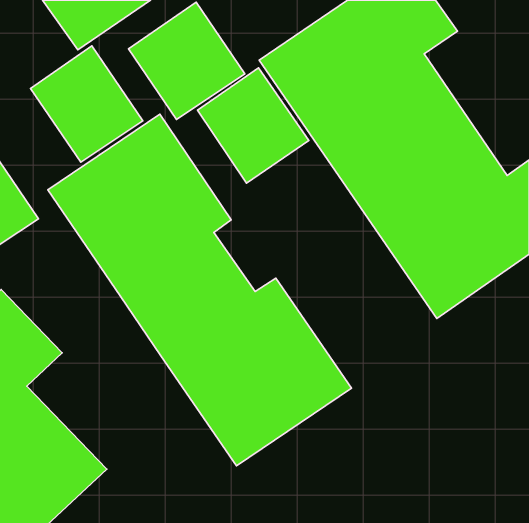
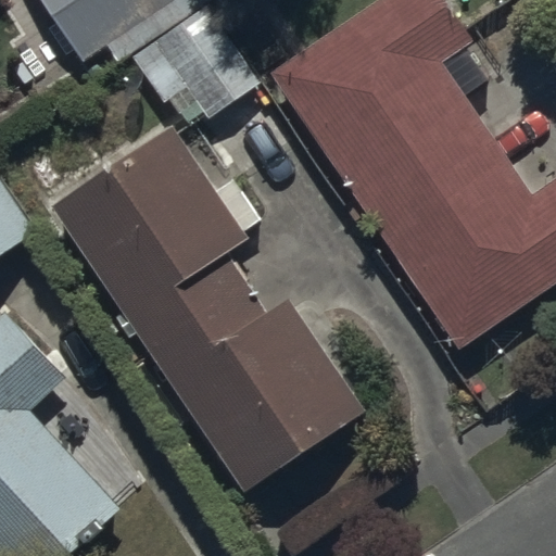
building: [30,46,143,162] -> none
building: [197,68,309,183] -> none

